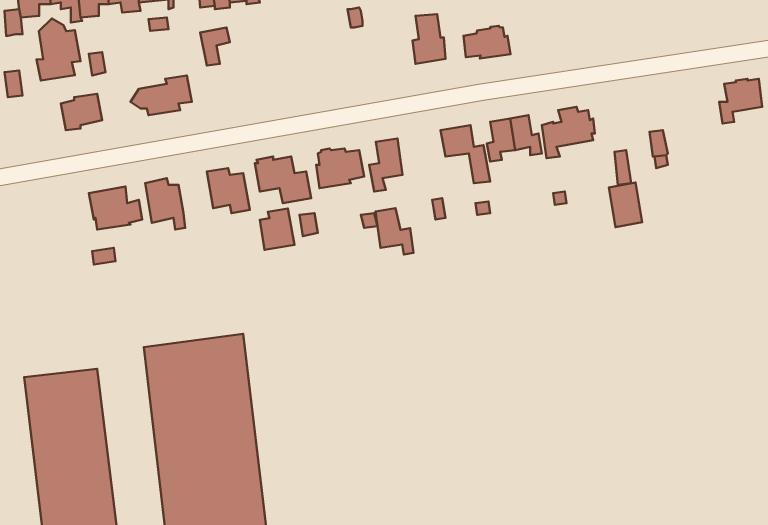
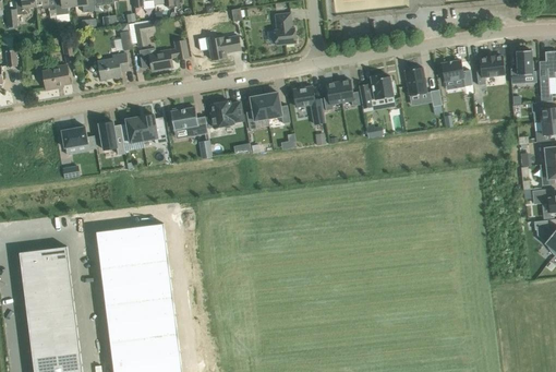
building: [37,19,80,81] -> none
building: [464,26,510,59] -> none
building: none -> [197,35,241,59]
building: none -> [138,39,188,70]
building: none -> [440,59,471,85]
building: [609,182,642,227] -> [404,65,426,95]
building: [375,208,414,255] -> [264,92,289,122]
building: [260,208,295,250] -> [120,116,143,143]

